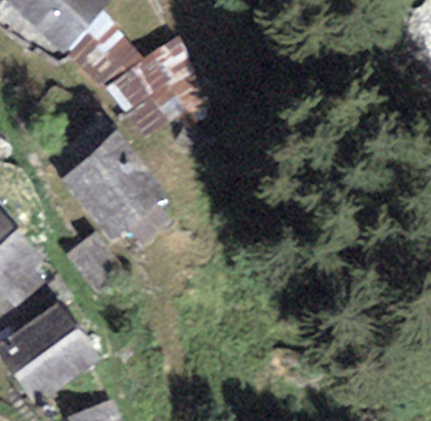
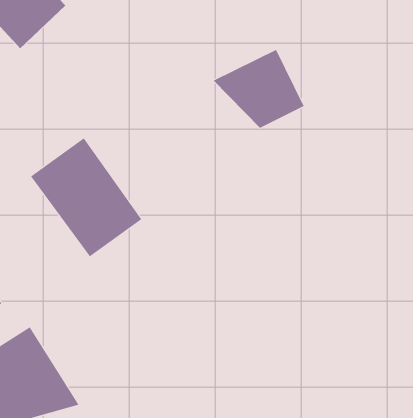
building: [123,48,207,121] -> [213,49,305,128]

